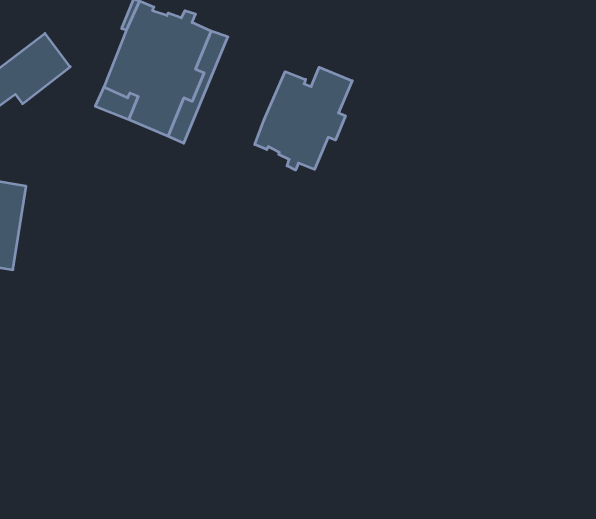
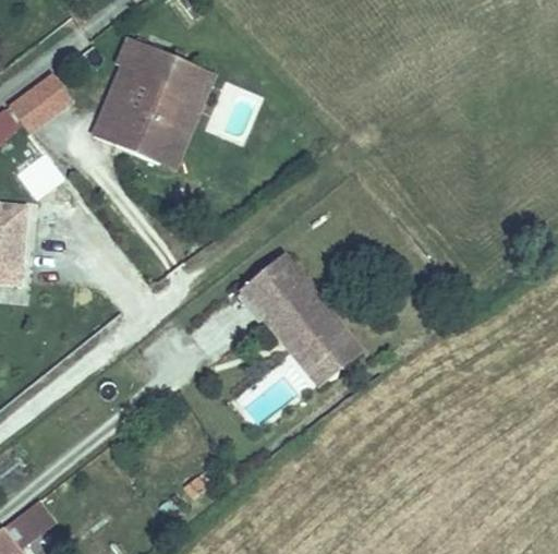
building: [255,67,352,170] -> none
building: none -> [241,255,364,392]

